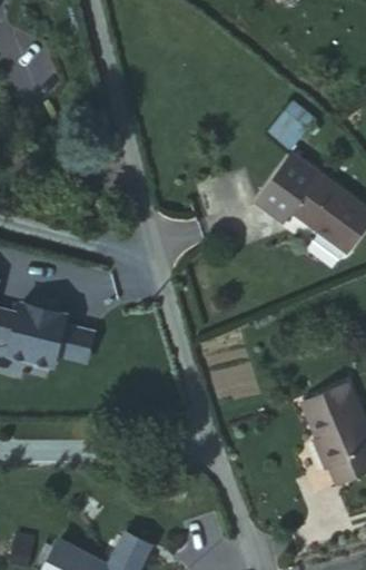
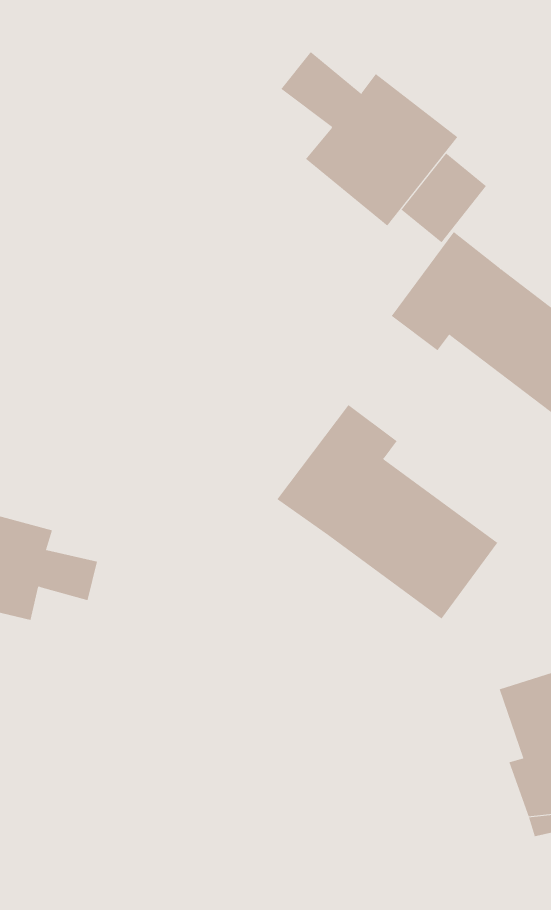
building: none -> [281,51,458,226]
building: none -> [276,404,498,619]

